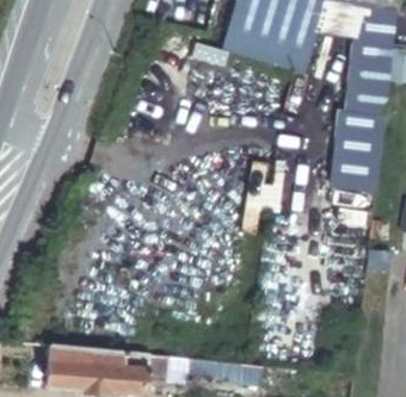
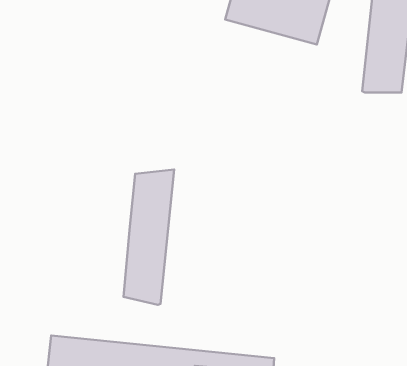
building: [342,114,383,192] -> none
building: none -> [124,170,174,305]

